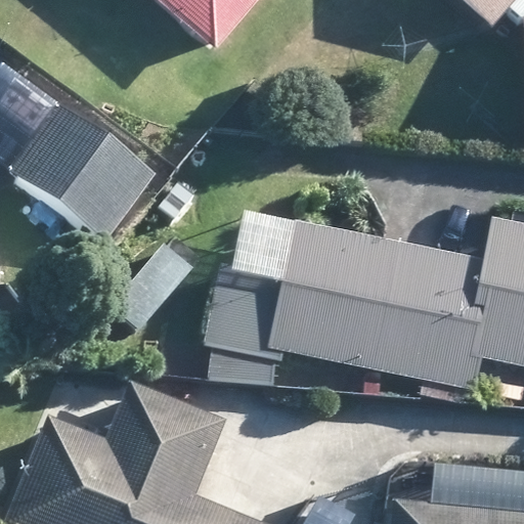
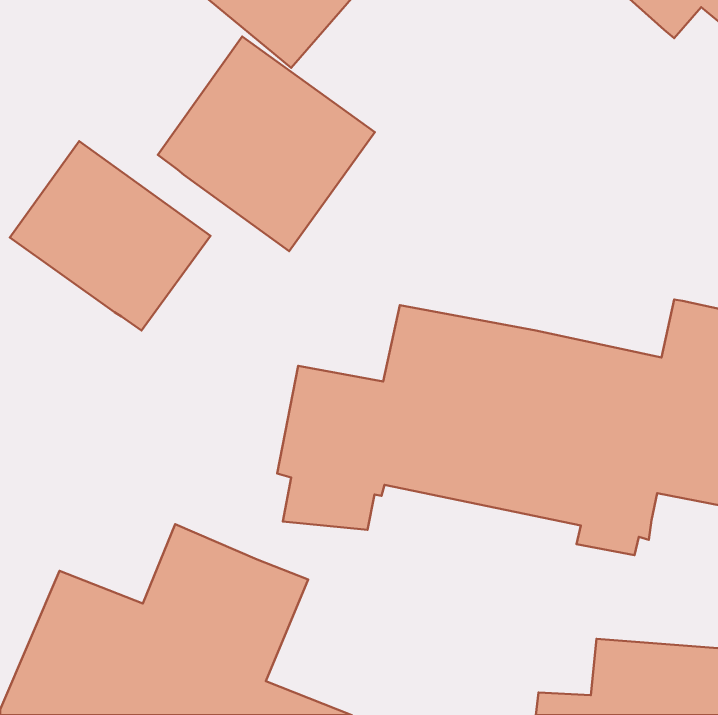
building: none -> [158,37,375,251]

